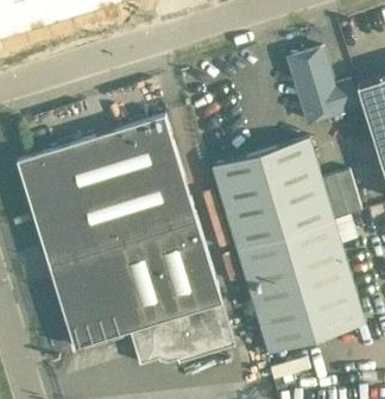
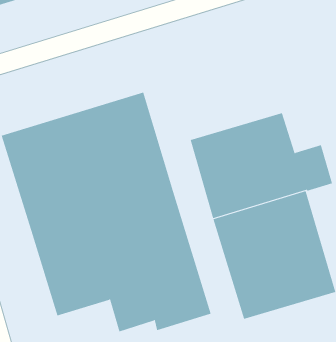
building: [288,48,356,121] -> none

